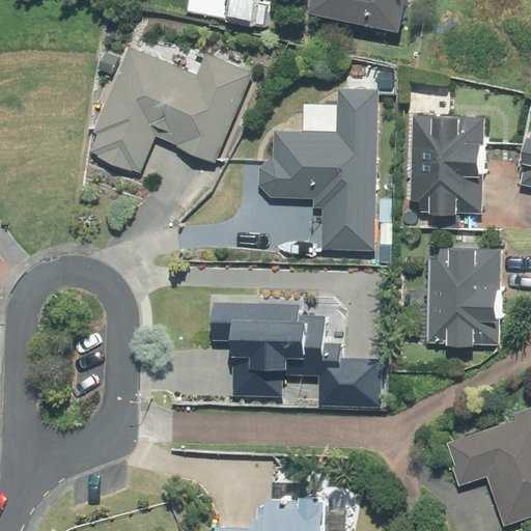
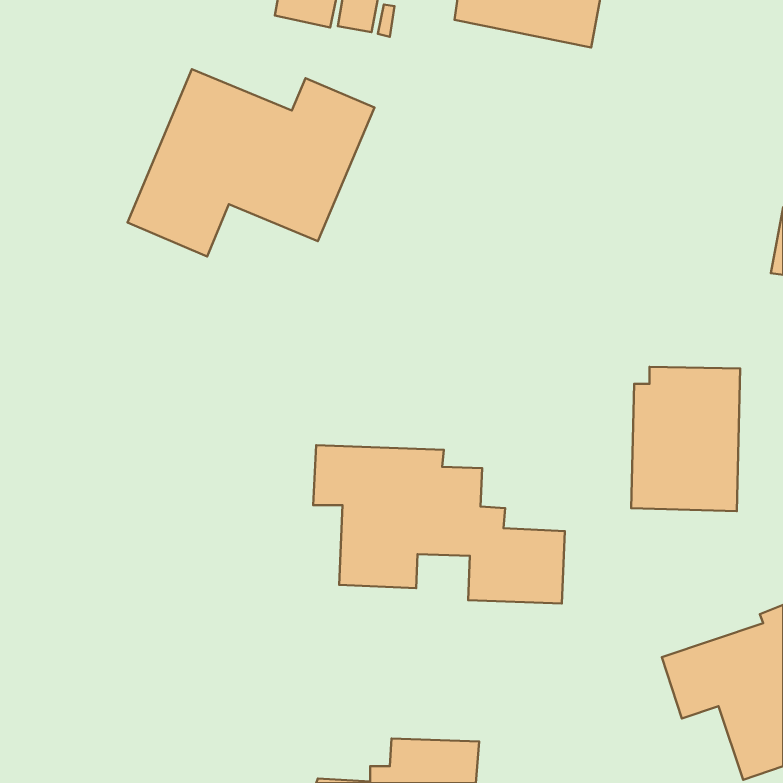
building: [259,88,379,251] -> none
building: [410,115,483,214] -> none

